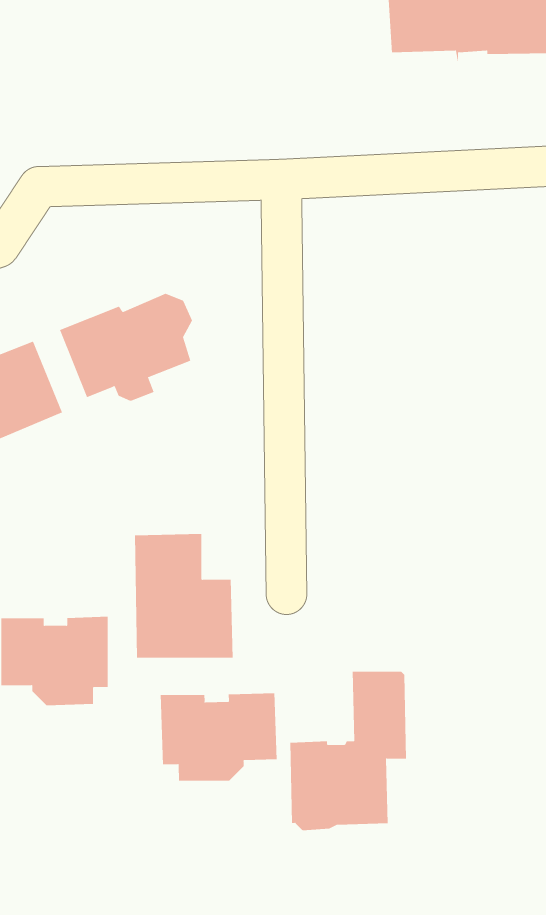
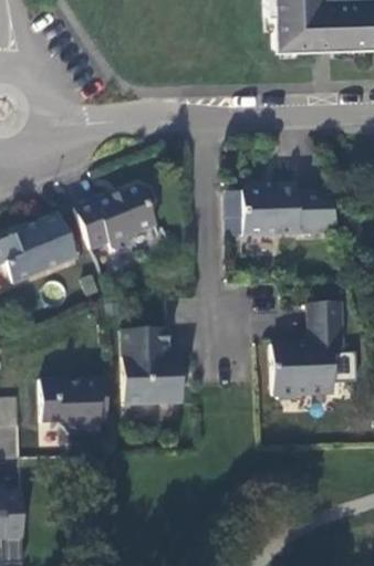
building: none -> [243,185,346,237]
building: [289,671,407,831] -> [272,304,343,400]
building: [160,692,277,781] -> none

